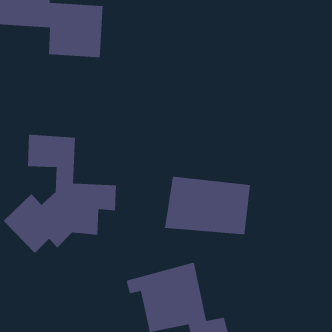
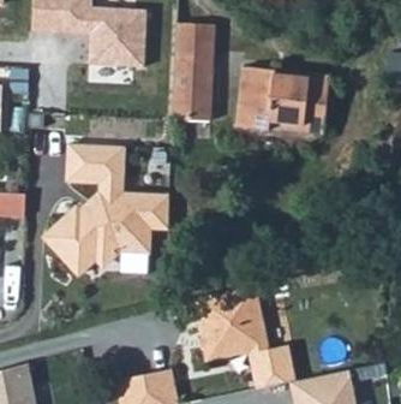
building: none -> [175,17,220,118]
building: [164,176,251,235] -> [238,70,331,133]

